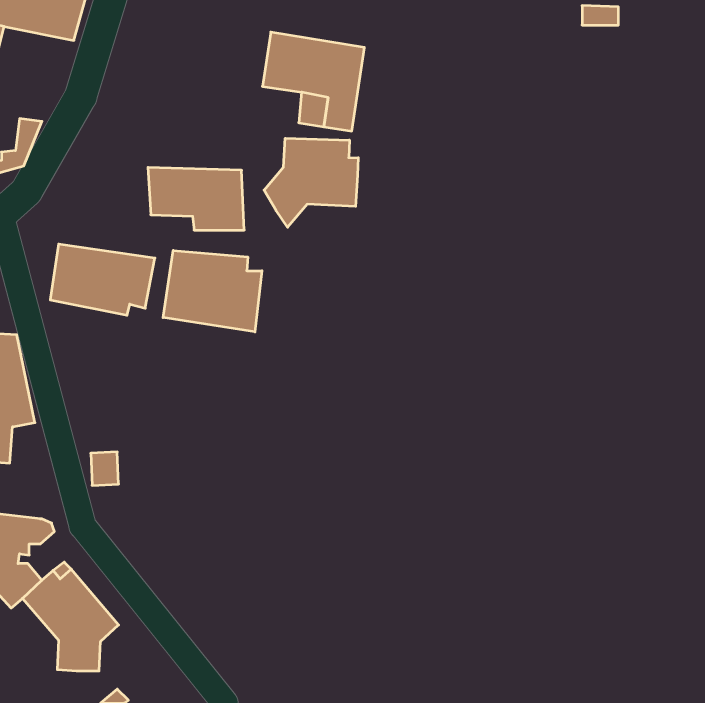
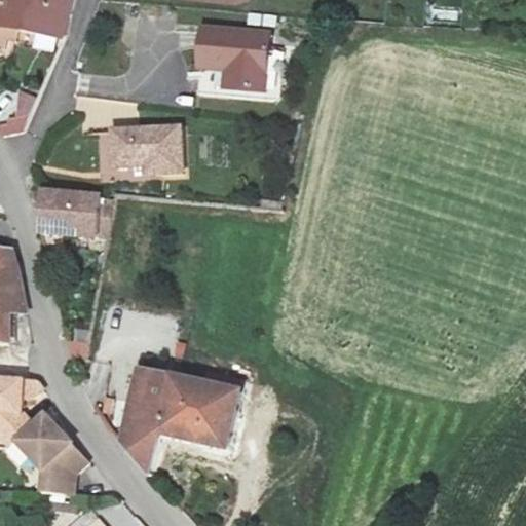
building: [264,138,358,227] -> none
building: [163,250,262,332] -> none
building: none -> [119,368,241,485]

